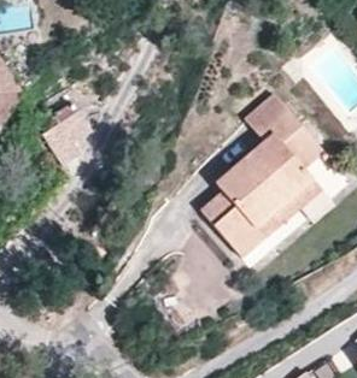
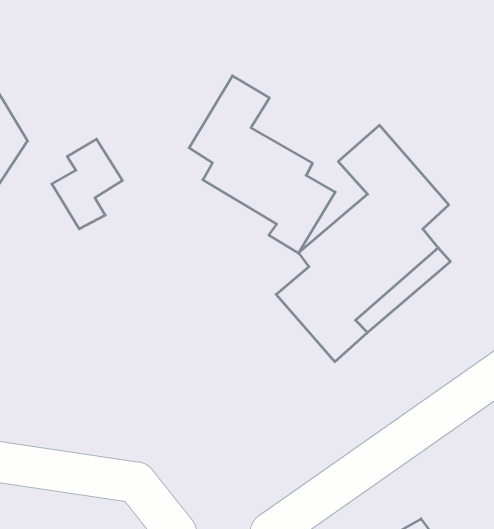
building: none -> [189,76,335,253]

